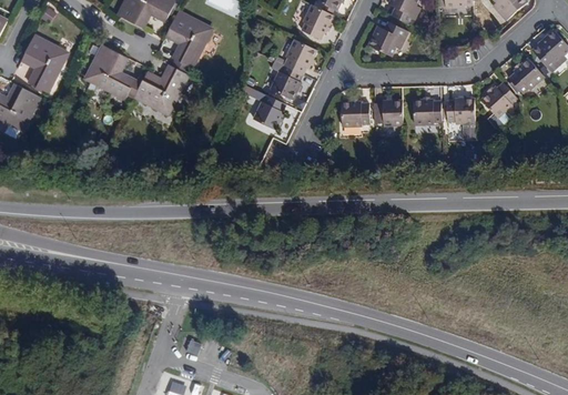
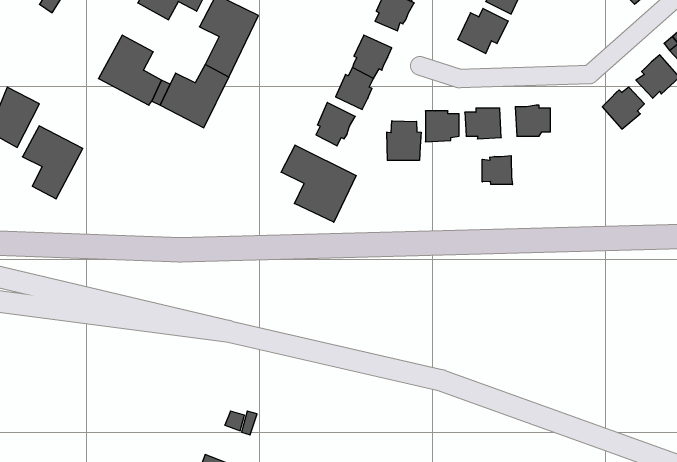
building: [18,34,65,92] -> [22,126,83,199]
building: [447,95,475,121] -> none
building: none -> [387,121,421,160]
building: none -> [281,145,356,222]
building: none -> [482,156,512,185]

